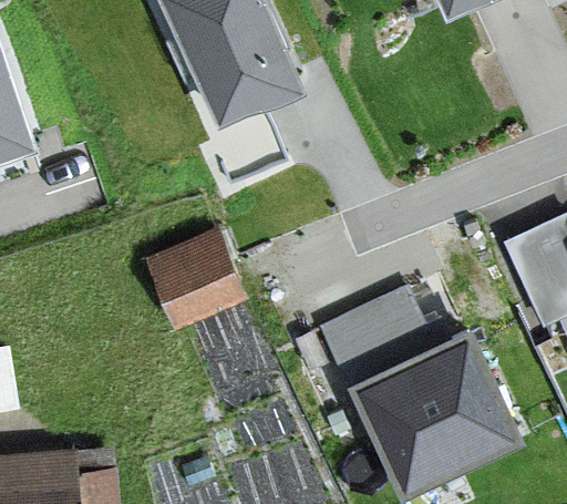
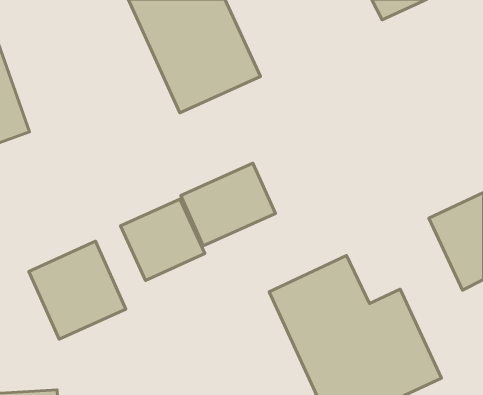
building: none -> [181,163,275,246]
building: none -> [29,241,126,339]

